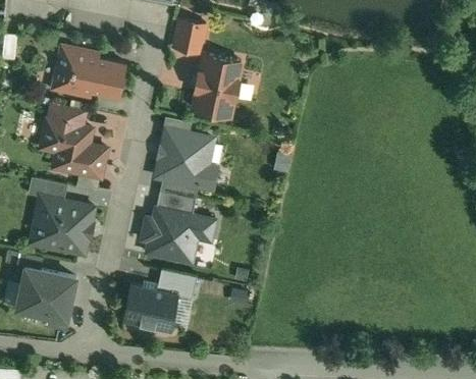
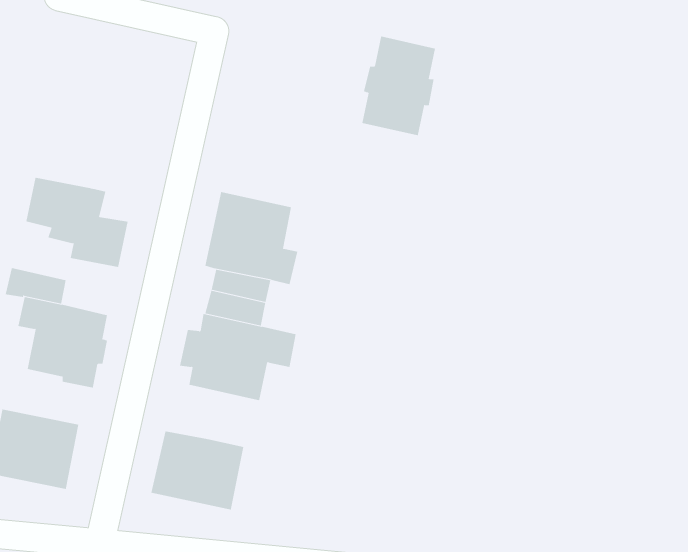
building: [173,19,206,54] -> none
building: [51,45,126,99] -> none
building: [193,54,241,118] -> [361,36,436,136]
building: [47,103,87,127] -> none
building: [158,272,197,296] -> none

